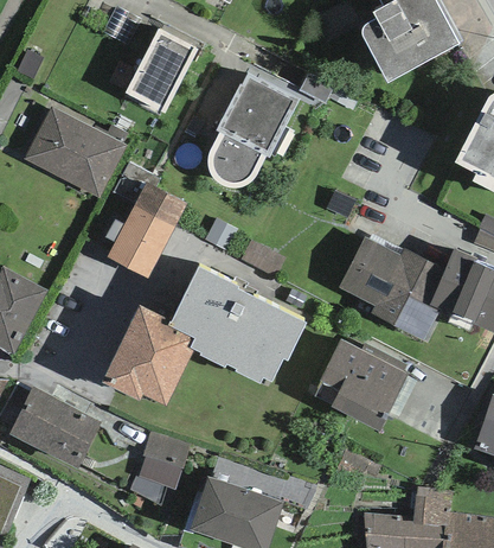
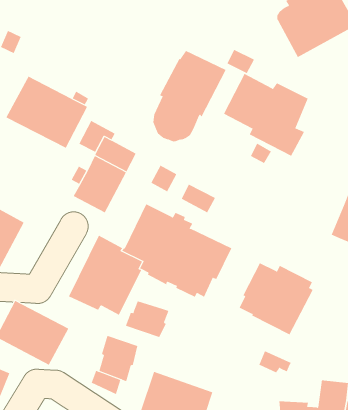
building: [124,27,197,113] -> none
building: [338,236,444,340] -> [223,73,309,156]
building: none -> [125,301,169,338]

